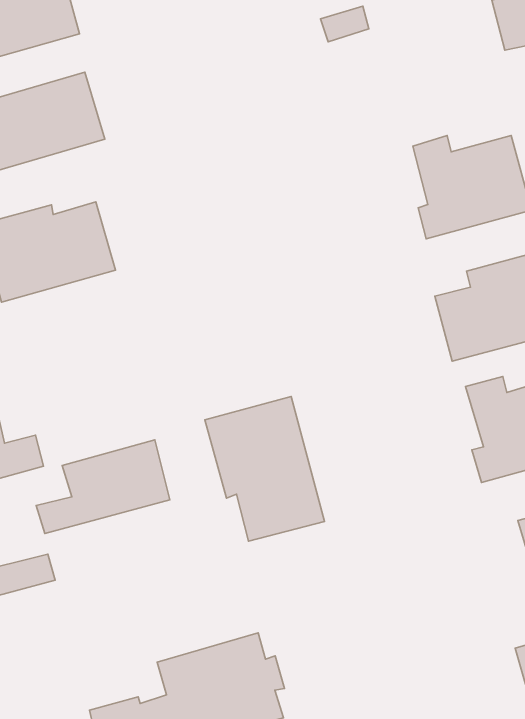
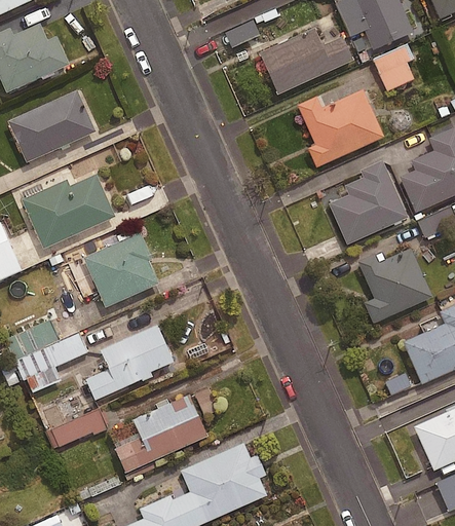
building: none -> [260,31,352,95]
building: none -> [83,233,159,308]
building: [205,396,325,541] -> none
building: none -> [114,396,208,474]

